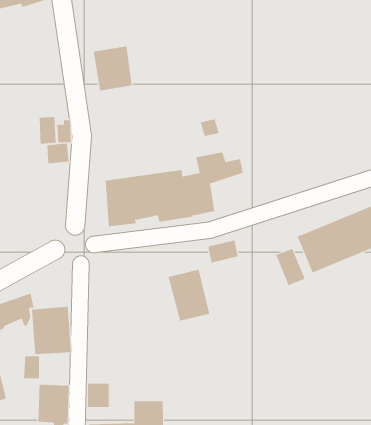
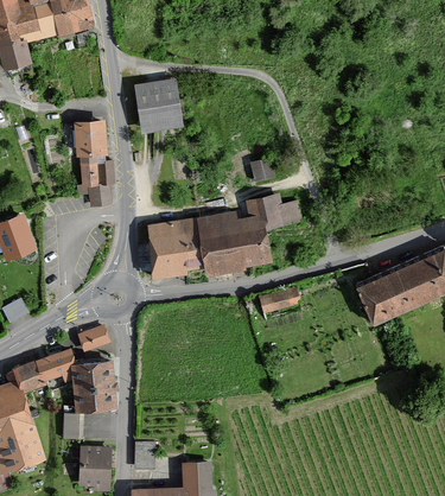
building: none -> [72,120,108,158]
building: [275,248,305,286] -> none
building: [168,269,210,321] -> none
building: none -> [74,323,109,354]

